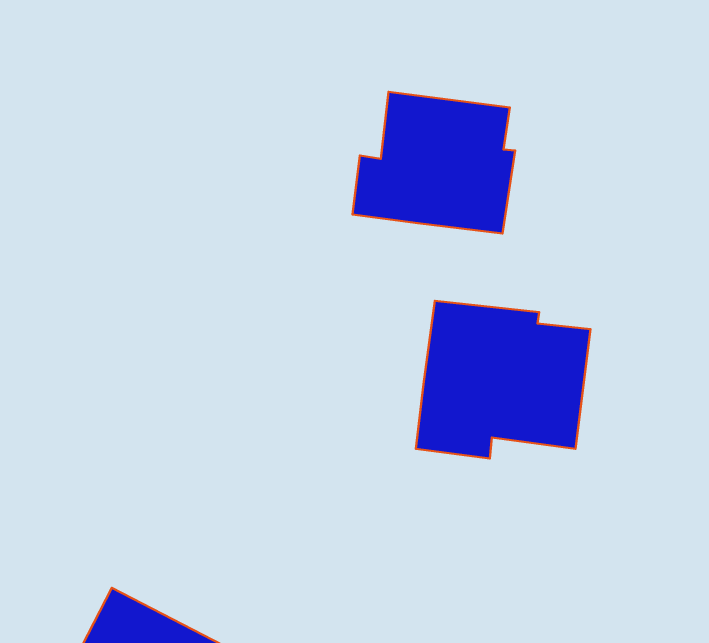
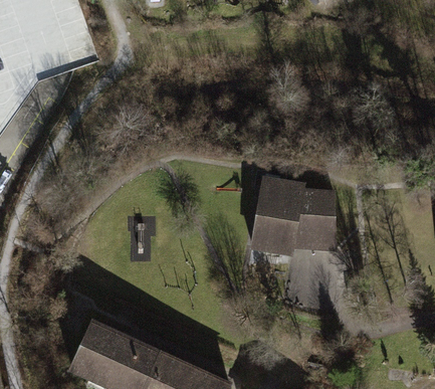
building: [352,92,515,233] -> none

